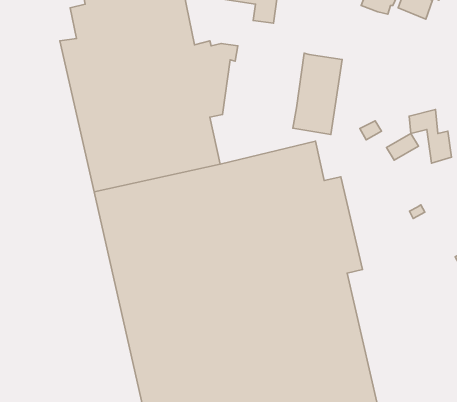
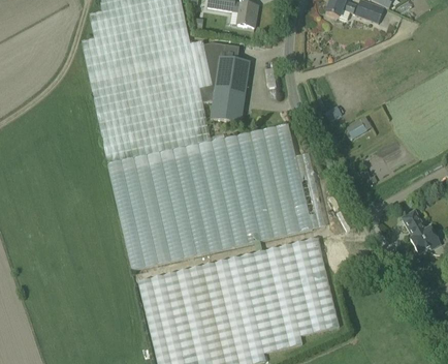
building: [293,53,342,135] -> [211,56,251,122]
building: [409,110,452,163] -> none

